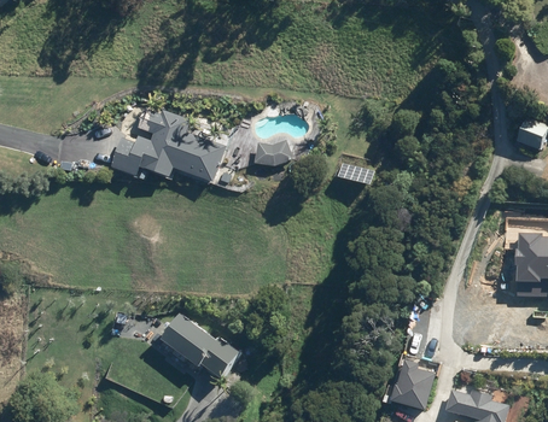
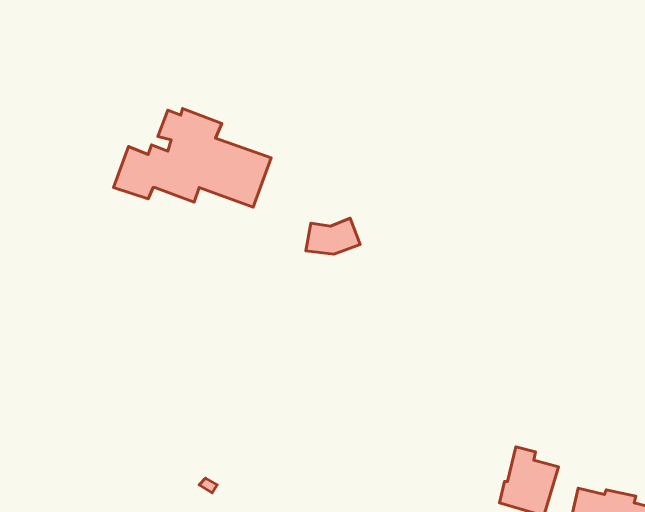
building: [252,141,292,168] -> [306,218,360,254]
building: [159,310,239,375] -> none

